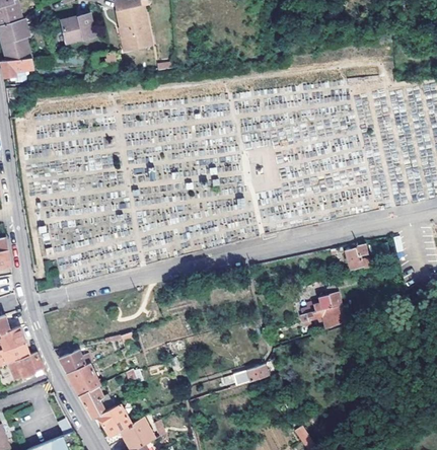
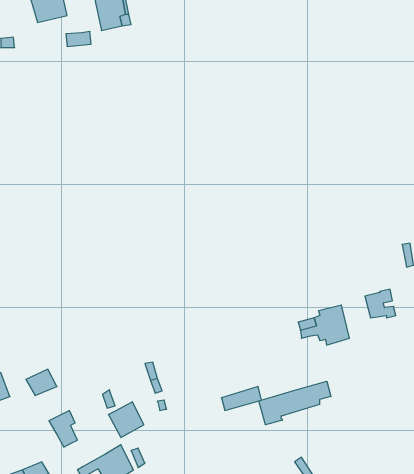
building: [344,243,371,269] -> [365,289,396,318]
building: none -> [259,381,331,425]
building: [67,363,99,394] -> none
building: [98,403,130,435] -> [108,402,144,437]

